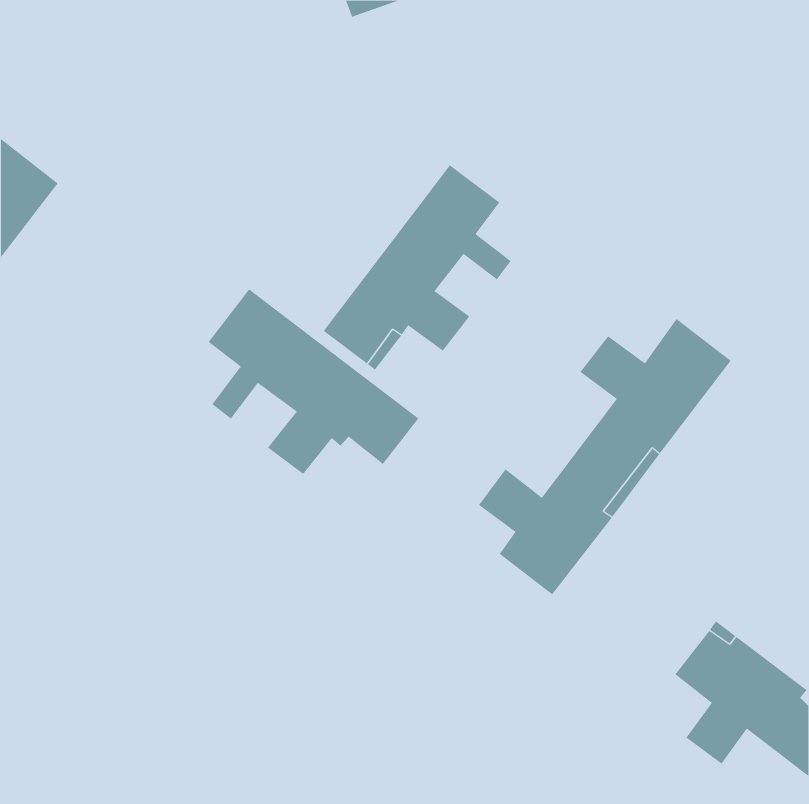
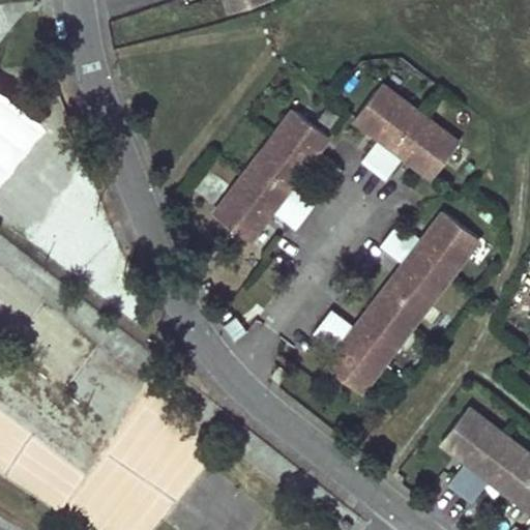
building: none -> [354,85,458,179]
building: [208,289,419,475] -> none

